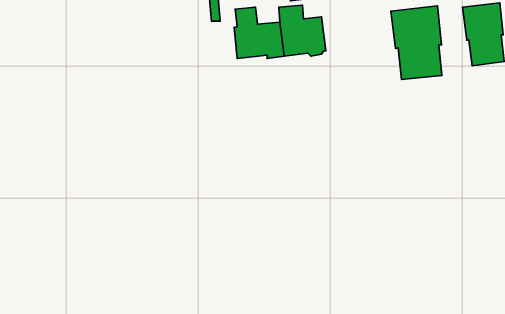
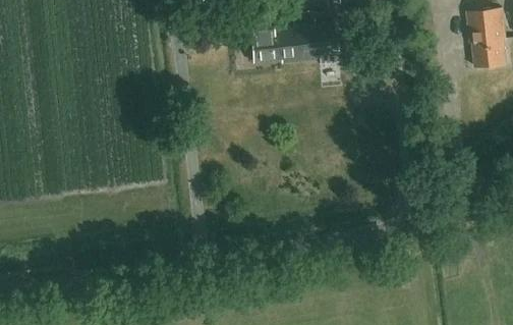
building: [391,6,442,79] -> none

